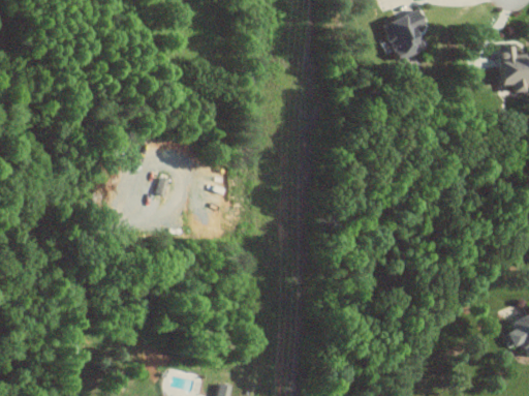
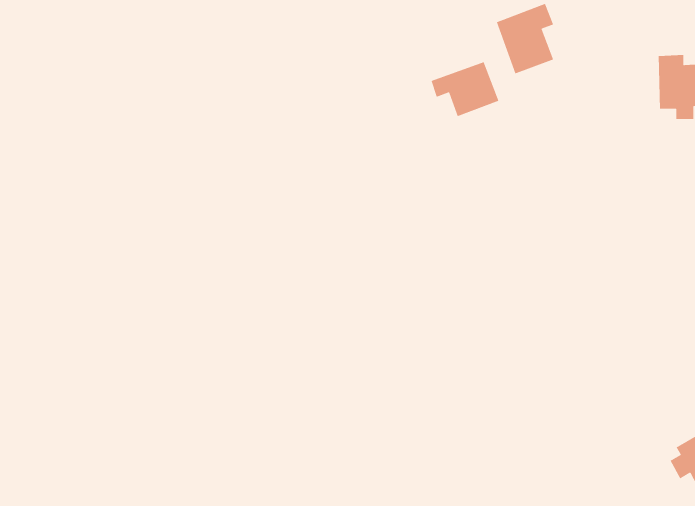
building: none -> [430,61,499,117]

